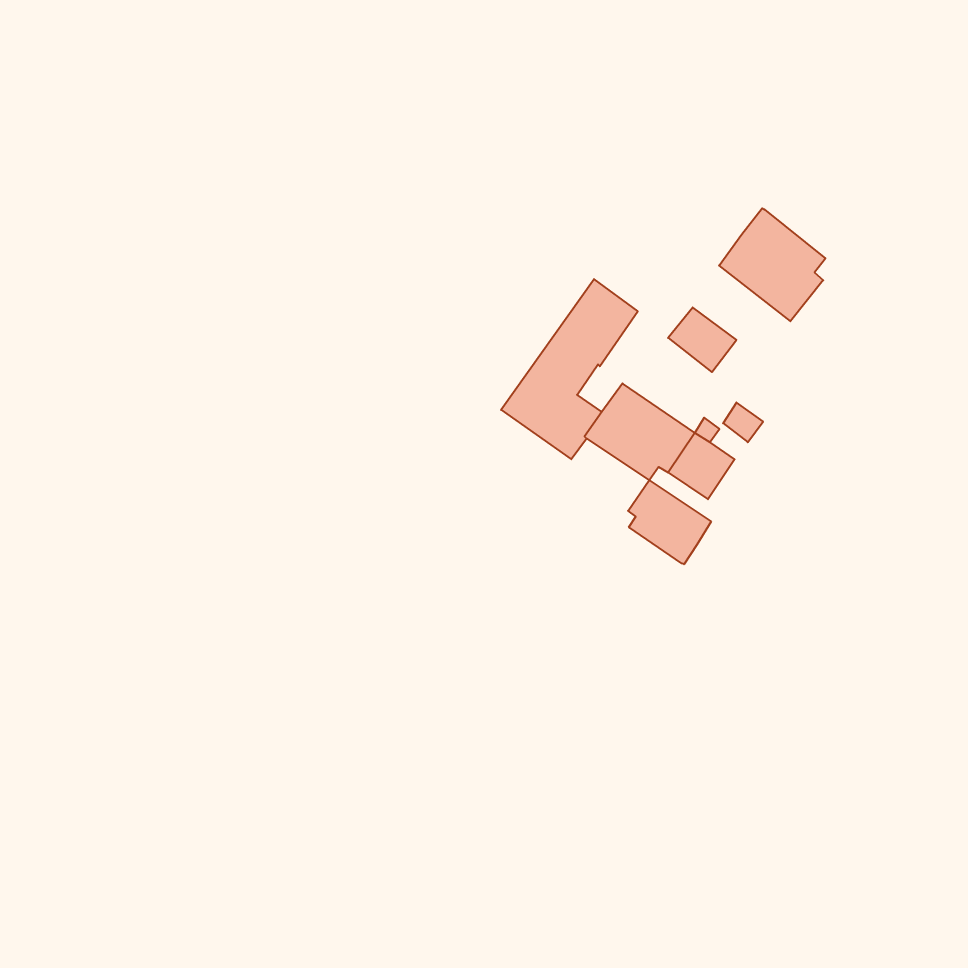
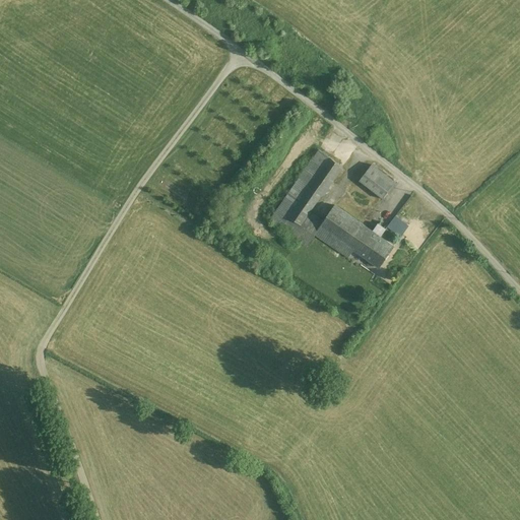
building: [719,208,825,321] -> none
building: [628,480,711,564] -> none

